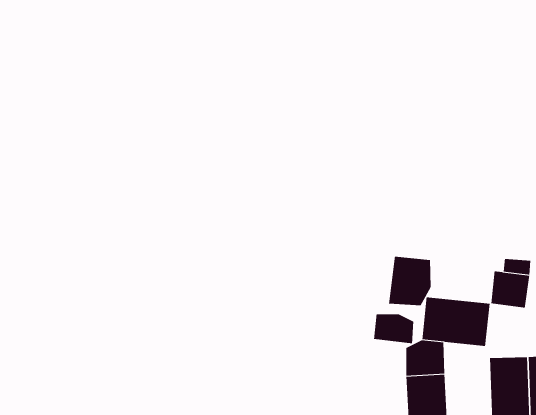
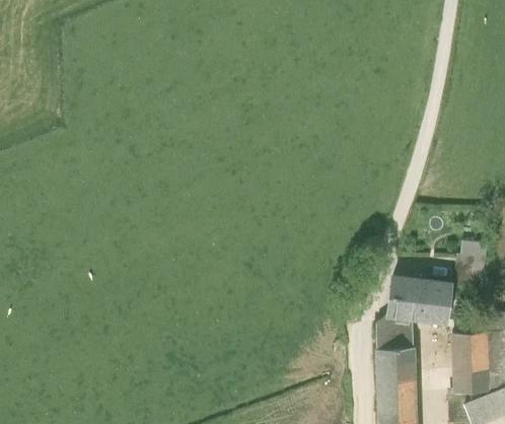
building: [389,256,431,306] -> none
building: [374,314,414,344] -> none

